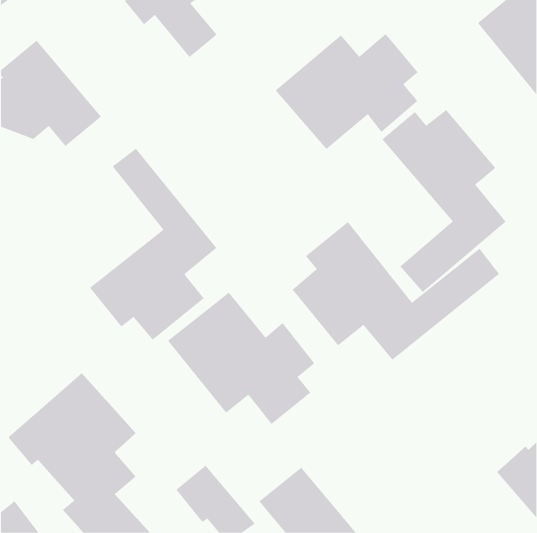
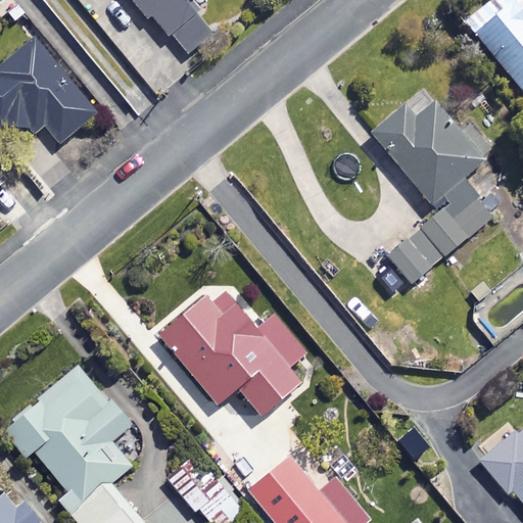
building: [275,33,418,150] -> none
building: [89,148,217,340] -> none
building: [292,221,500,361] -> none

